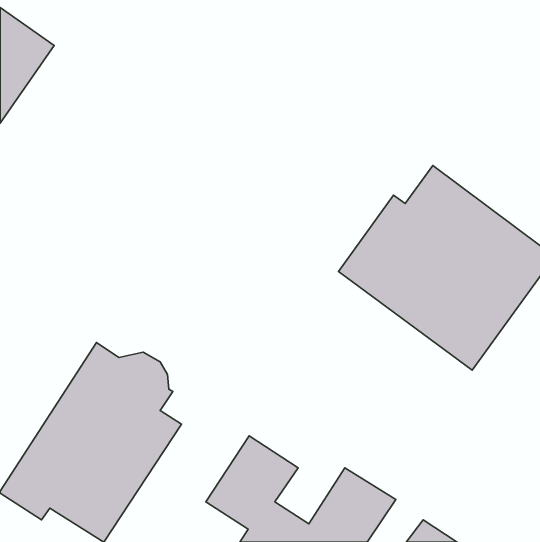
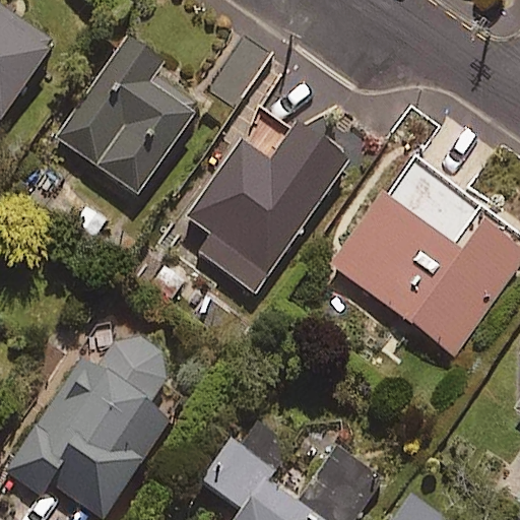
building: none -> [56,37,194,194]
building: none -> [188,127,353,296]

